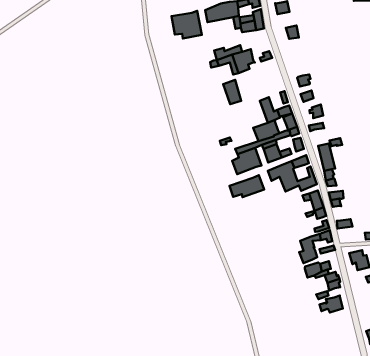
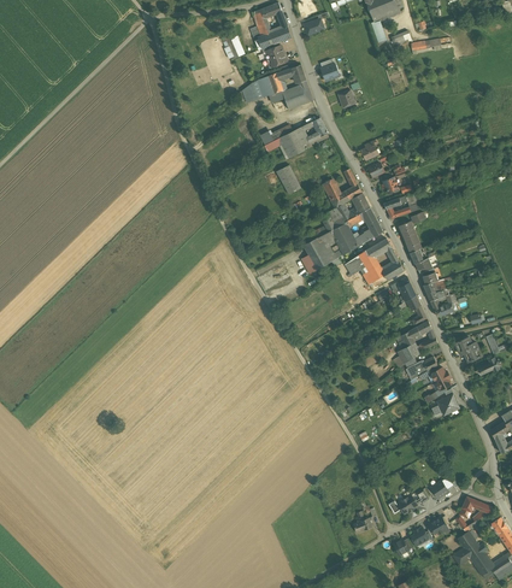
building: [171,11,202,38] -> none
building: [229,175,264,197] -> none

